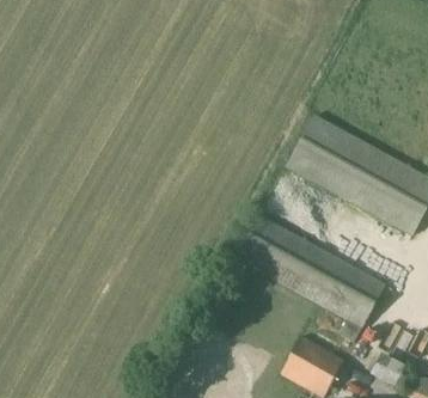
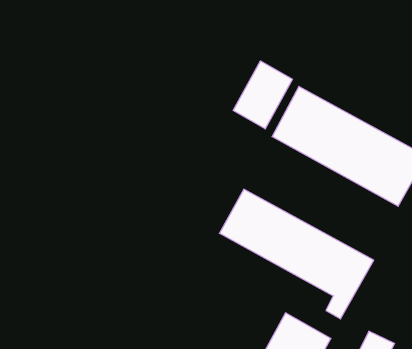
building: none -> [233,61,292,129]

